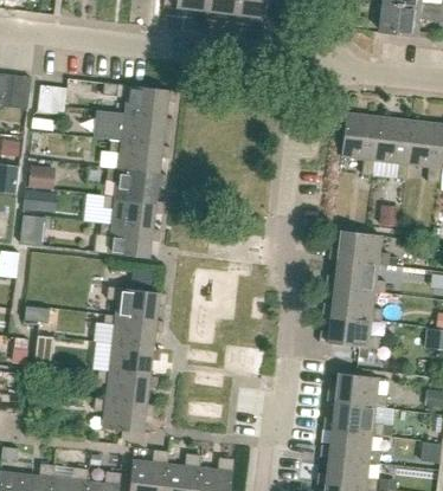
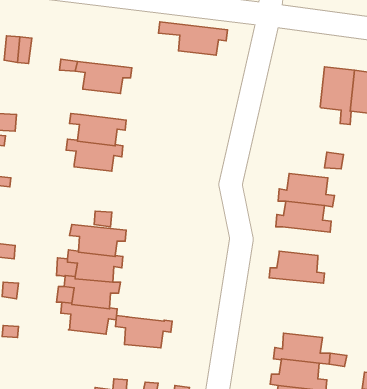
building: [103,83,176,118] -> [159,22,227,55]
building: [341,115,379,176] -> none
building: [108,140,171,174] -> none
building: [101,221,160,258] -> none
building: [323,289,383,323] -> none
building: [328,374,389,408] -> none
building: [94,398,154,432] -> [116,316,172,348]

